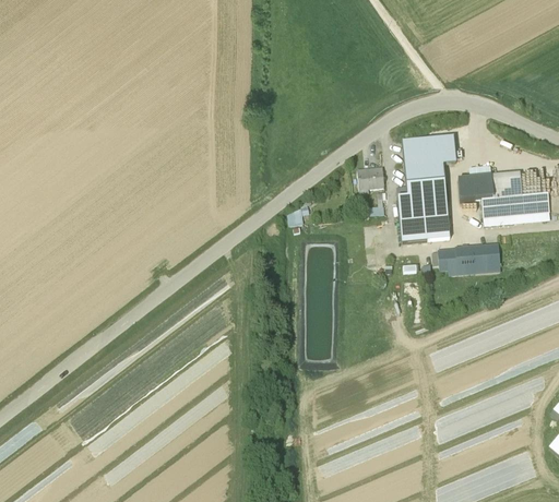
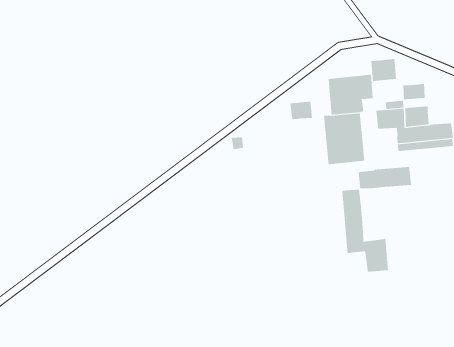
building: none -> [371,58,397,82]
building: none -> [403,83,425,100]
building: none -> [342,189,389,272]

